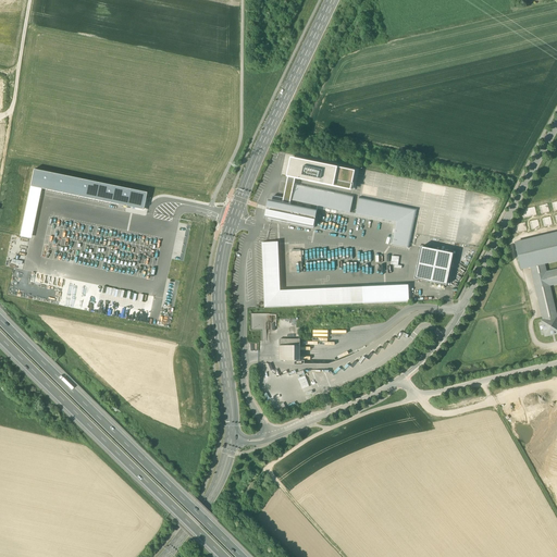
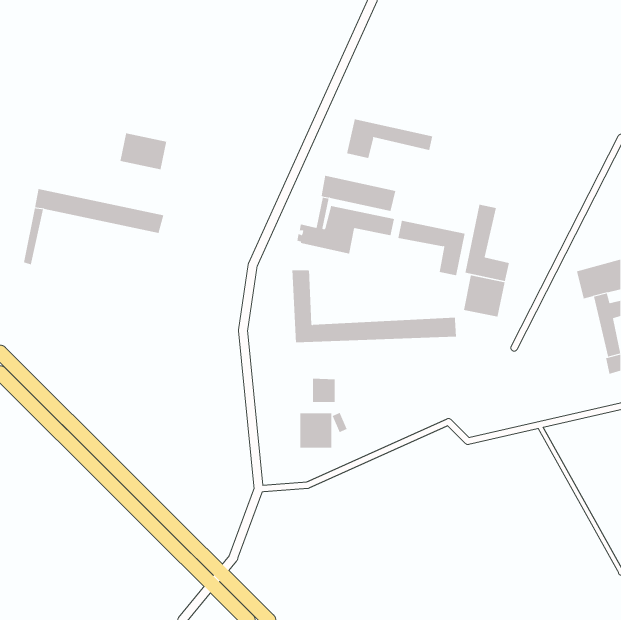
building: none -> [347,119,433,159]
building: none -> [120,133,167,170]
building: none -> [465,204,509,282]
building: none -> [300,412,332,449]

